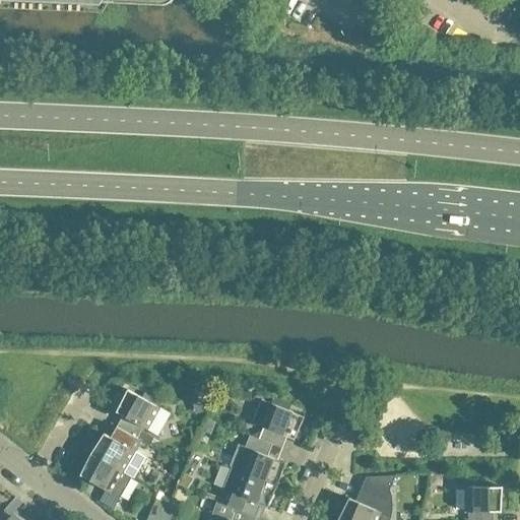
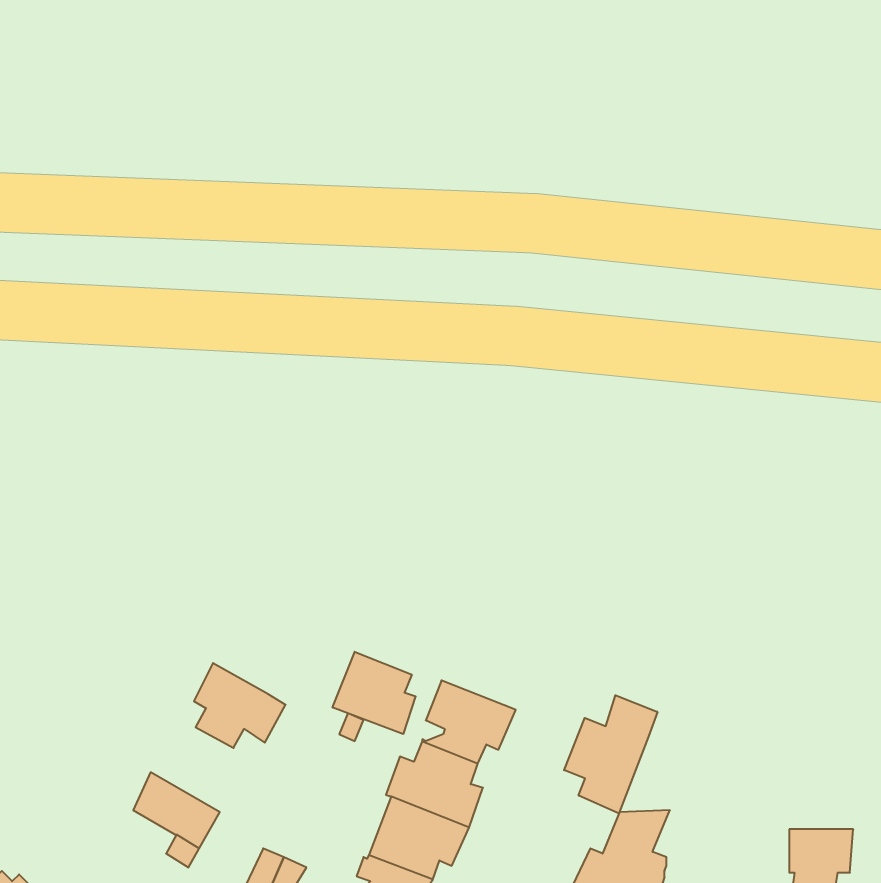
building: none -> [333,652,416,734]
building: none -> [564,695,657,814]
building: [88,428,143,479] -> none

